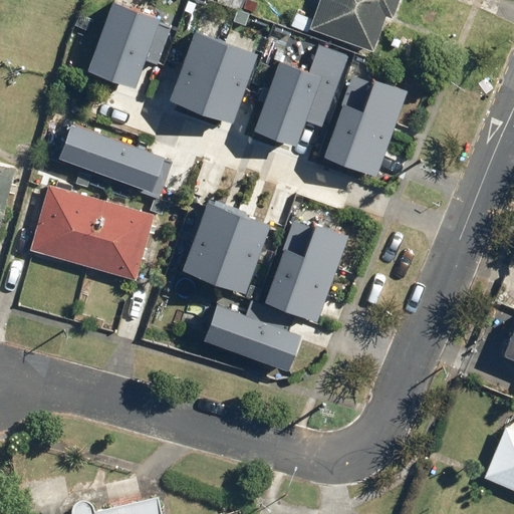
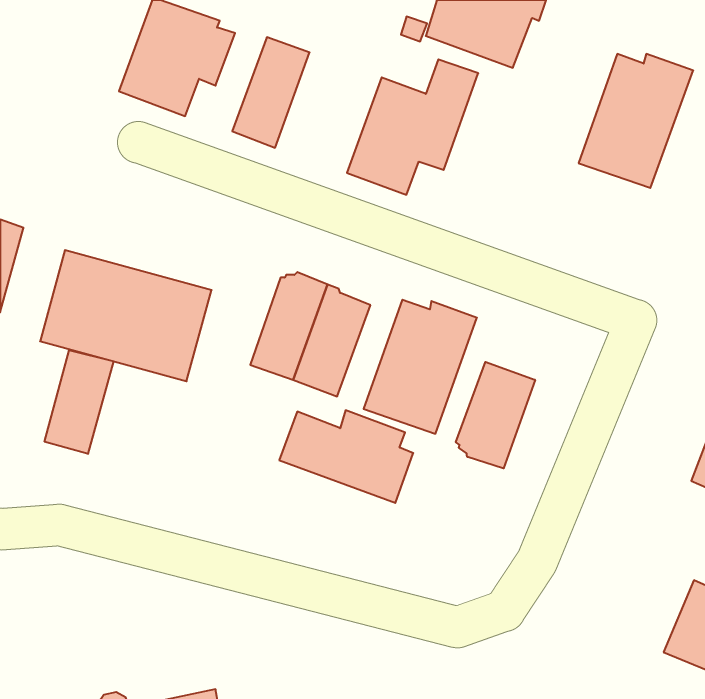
building: [201,43,257,123] -> none
building: [324,78,408,176] -> [579,54,693,188]
building: [58,123,174,202] -> none
building: none -> [45,350,113,454]
building: none -> [456,362,535,468]

